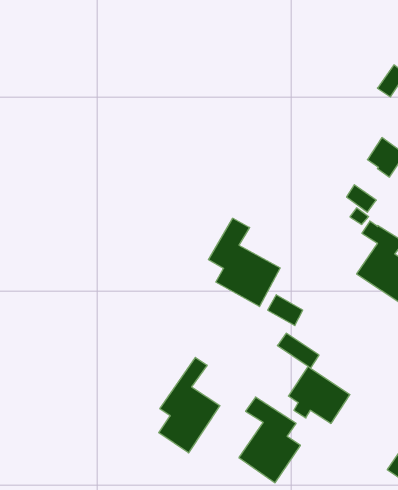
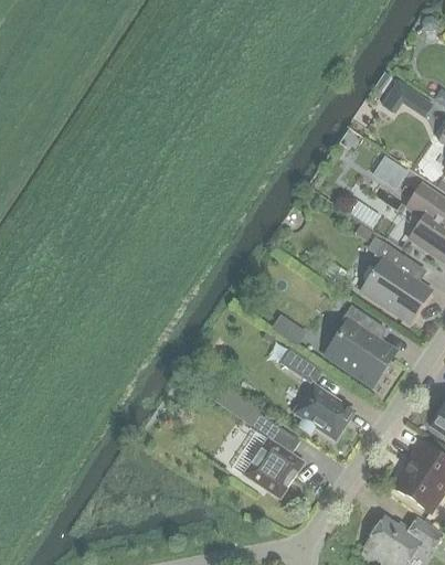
building: [208,218,280,307] -> none
building: none -> [326,305,393,384]
building: [159,357,220,453] -> none

